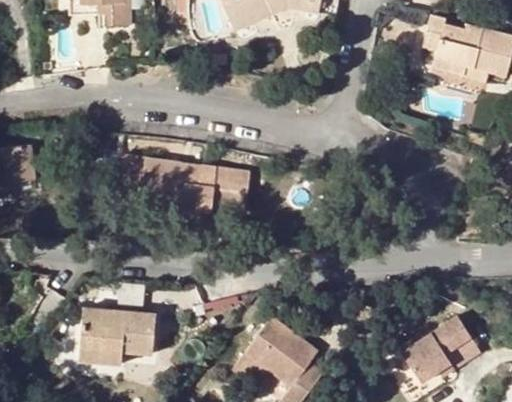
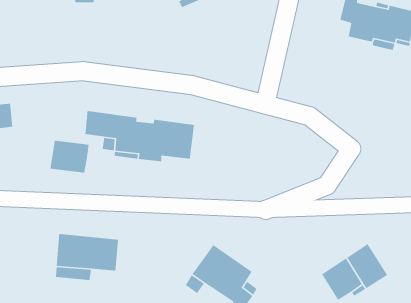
building: none -> [49,140,89,174]

